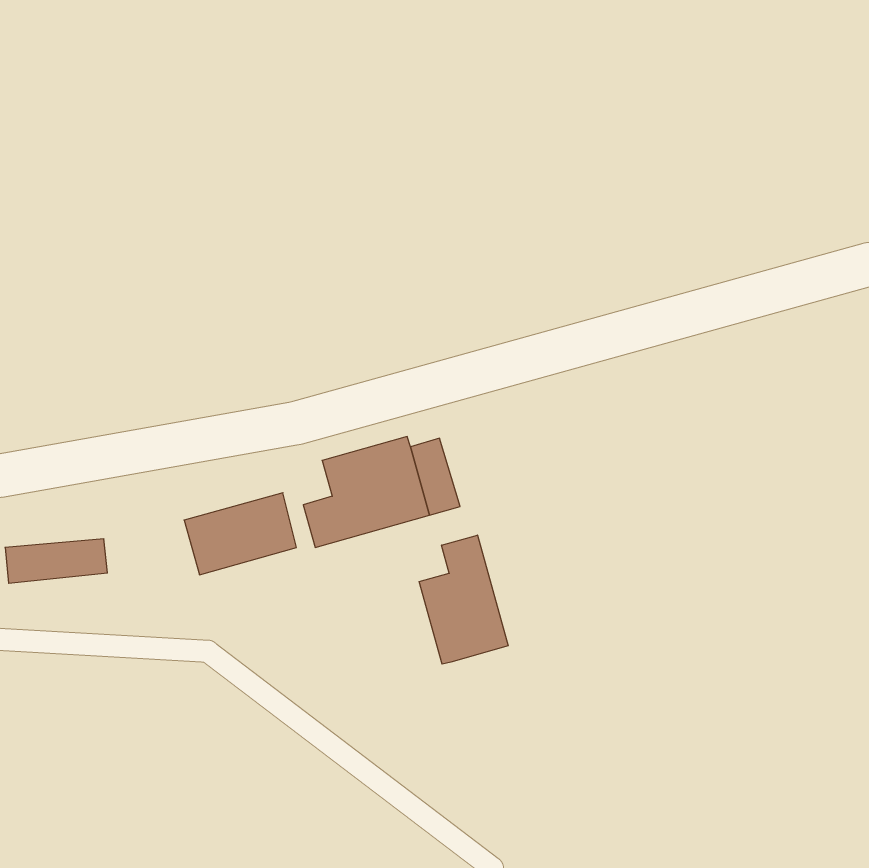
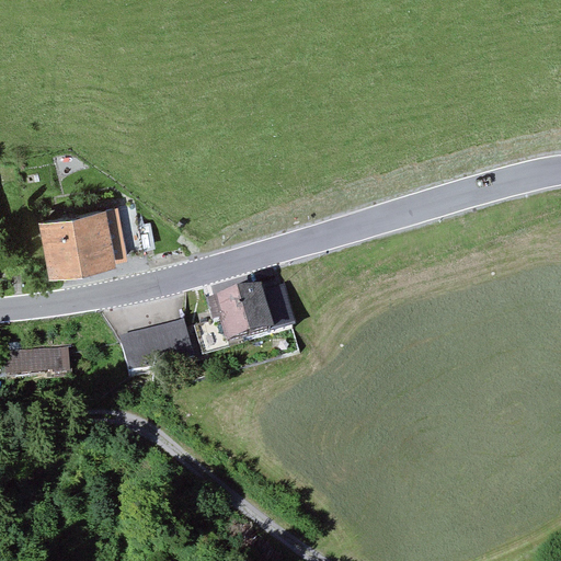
building: none -> [38,208,127,279]
building: [419,535,508,664] -> none

